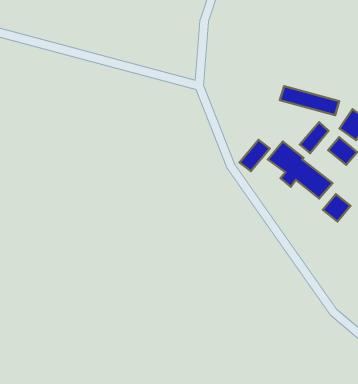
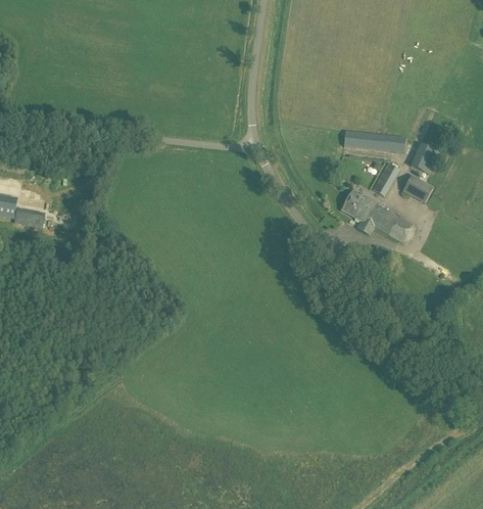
building: [239,140,270,171] -> none
building: [323,194,351,222] -> none

